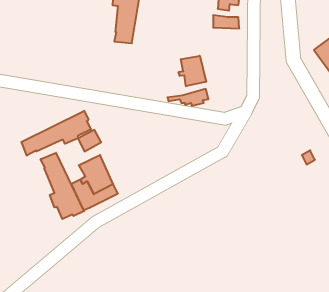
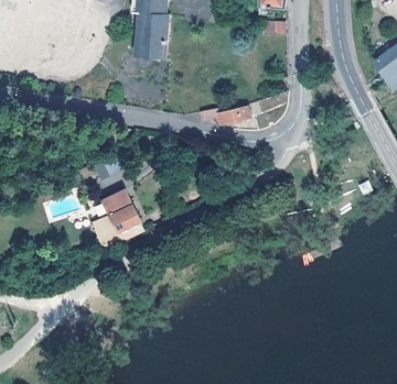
building: [179,56,206,86] -> none
building: [21,111,91,156] -> none
building: [41,153,84,219] -> none

